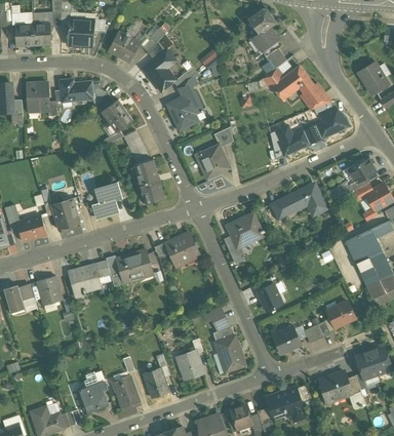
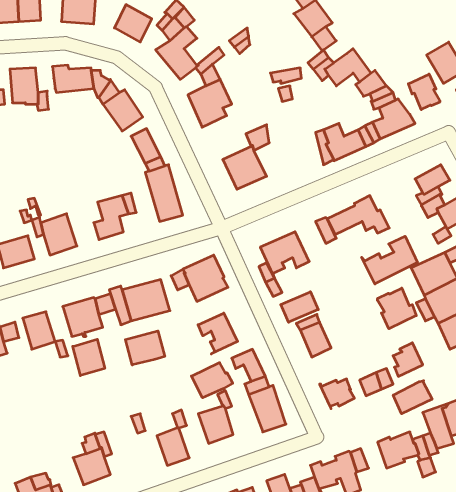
building: none -> [408,74,440,110]
building: none -> [362,236,417,284]
building: none -> [377,288,416,329]
building: none -> [281,292,318,322]
building: none -> [198,313,238,354]
building: none -> [125,331,165,365]
building: none -> [73,339,105,376]
building: none -> [191,363,233,398]
building: none -> [393,381,432,414]
building: [111,376,139,408] -> none

